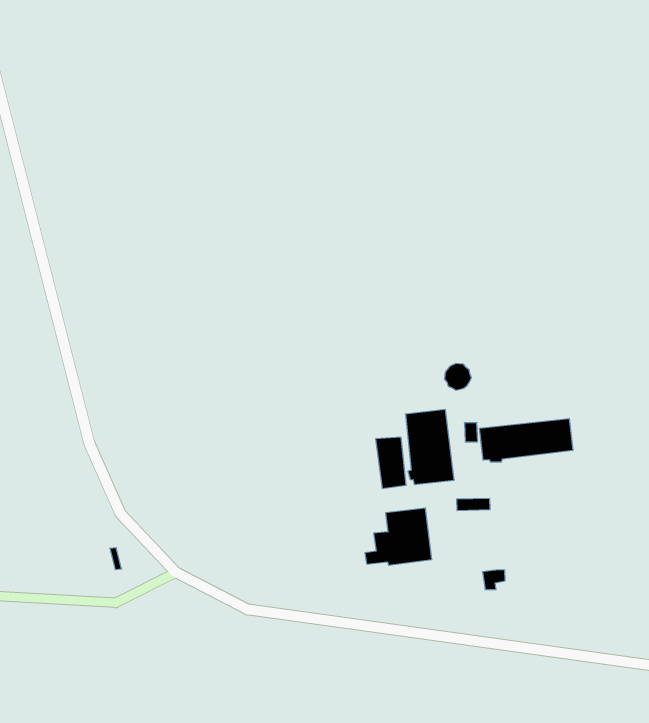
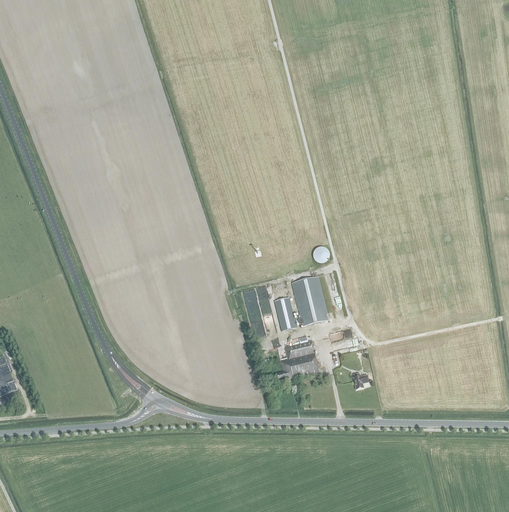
building: [480,418,573,462] -> none

